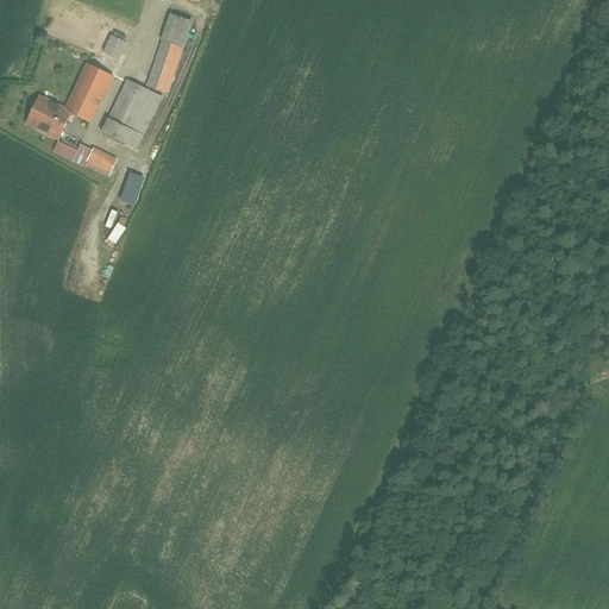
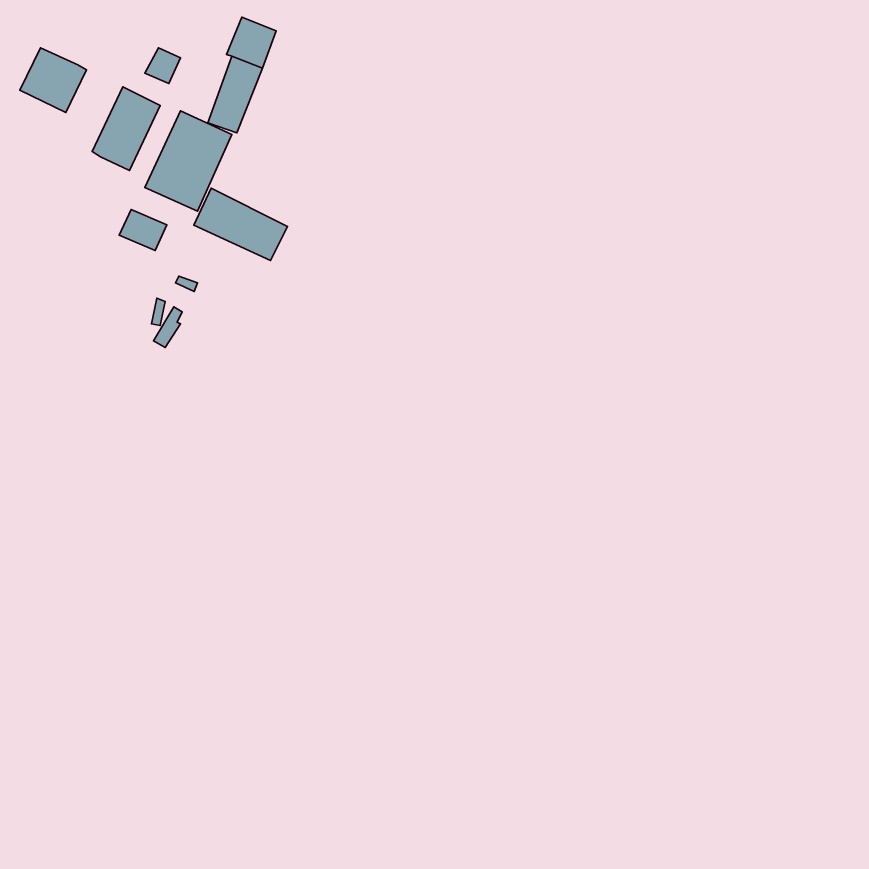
building: [24,94,70,139] -> [20,48,86,112]
building: none -> [194,188,288,260]

